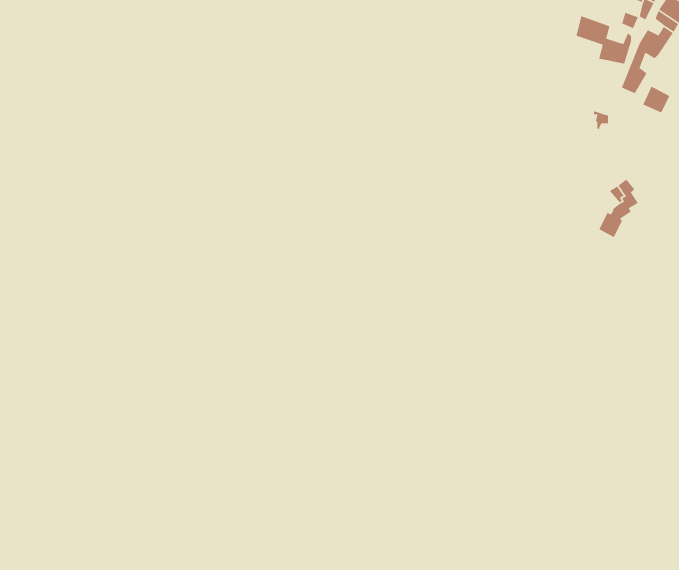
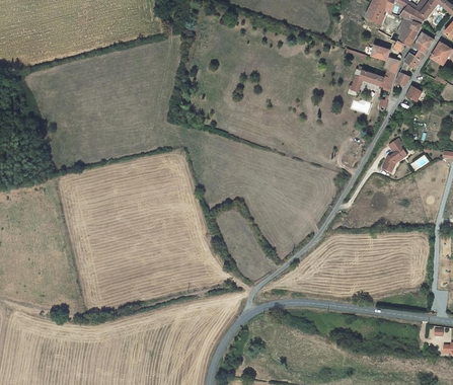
building: none -> [351,70,396,92]

